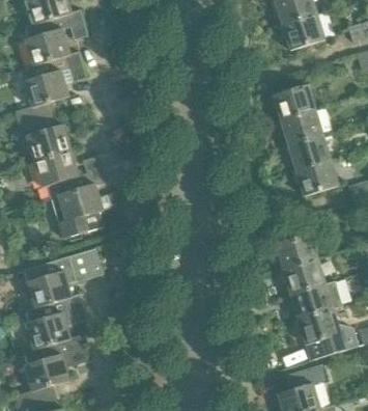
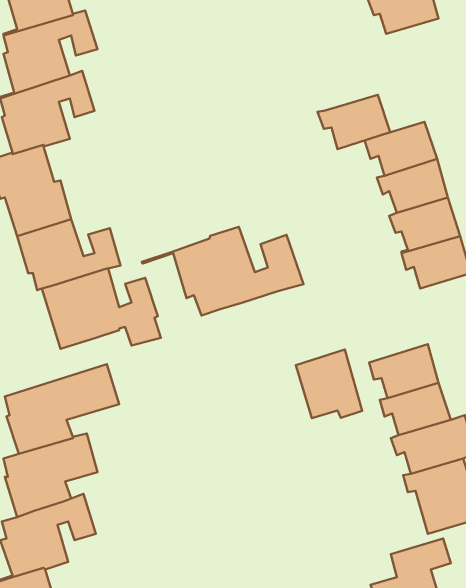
building: [278,15,327,51] -> [318,95,390,149]
building: none -> [142,227,303,316]
building: none -> [296,350,362,418]

